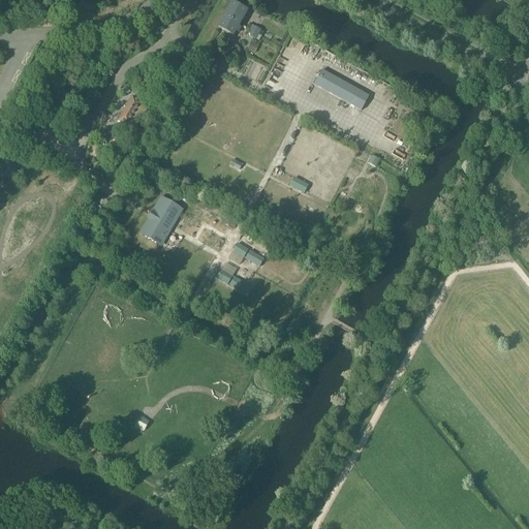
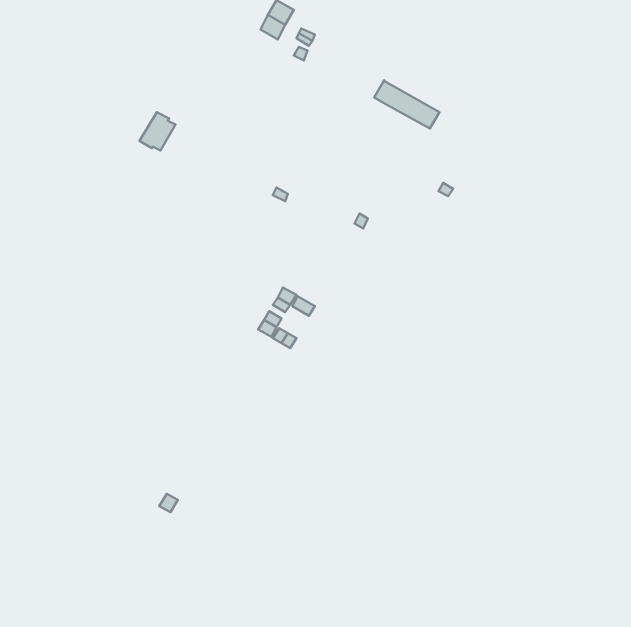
building: [142,196,179,242] -> none

